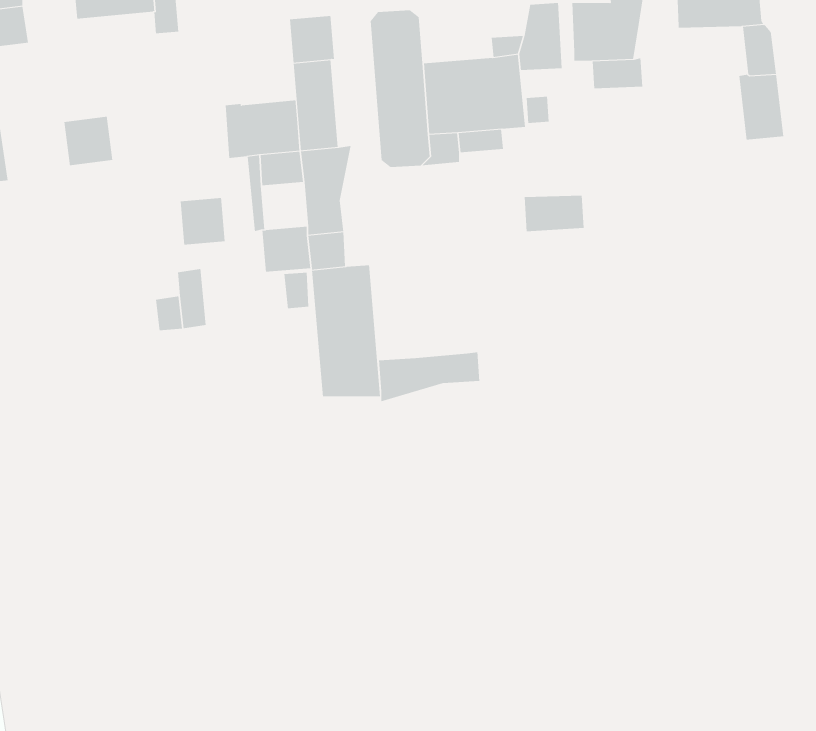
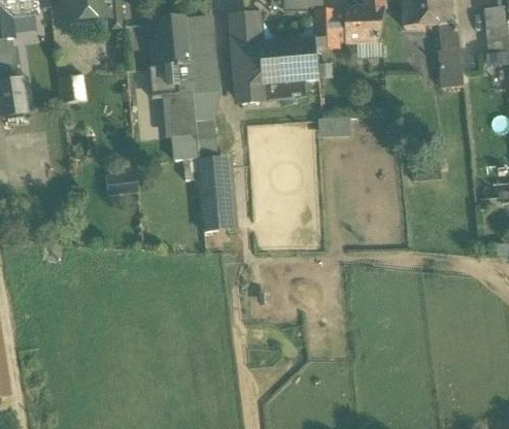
building: none -> [155,18,190,66]
building: [180,198,226,245] -> [170,109,196,136]
building: [379,351,480,402] -> none

